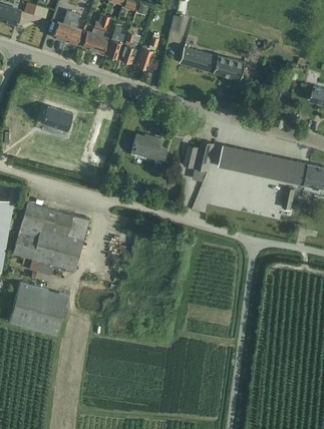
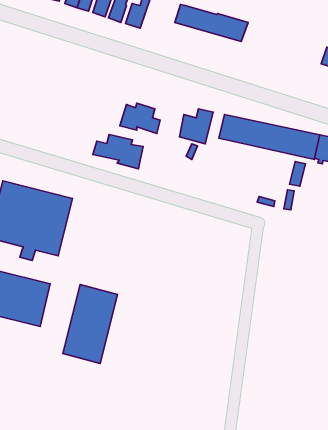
building: [42,105,72,130] -> none
building: none -> [93,135,143,169]
building: none -> [63,284,117,364]

